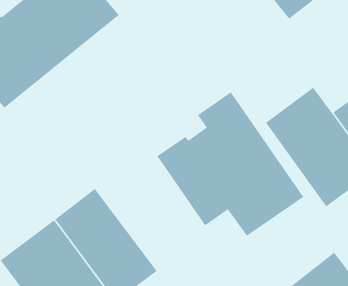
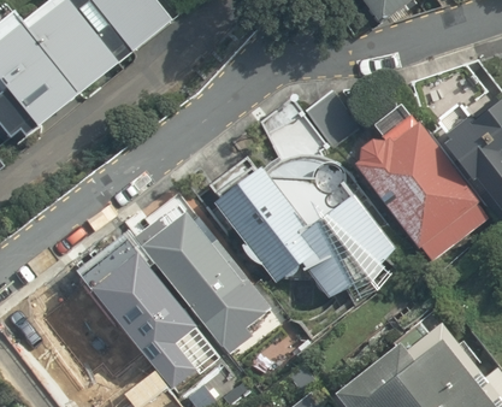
building: none -> [136,201,267,344]

